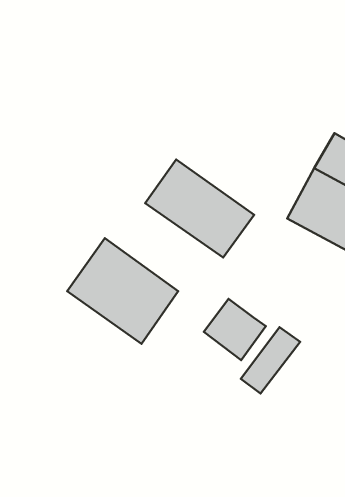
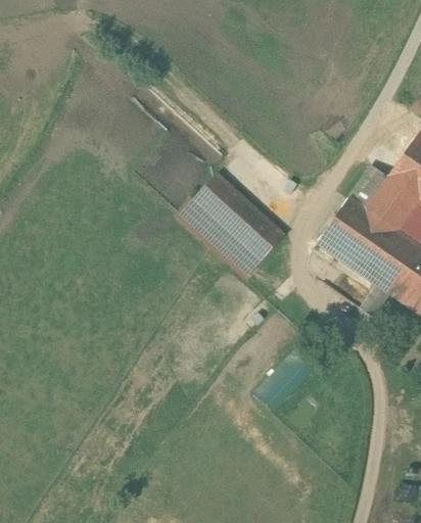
building: [67,238,178,344] -> none
building: [204,299,266,360] -> none

